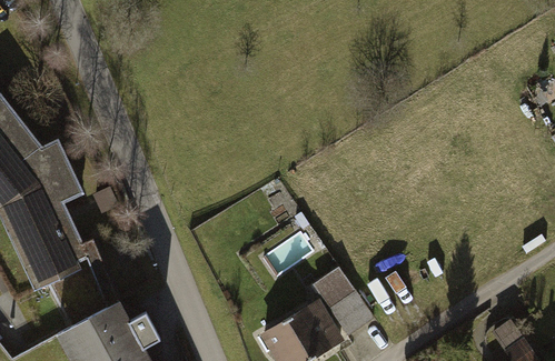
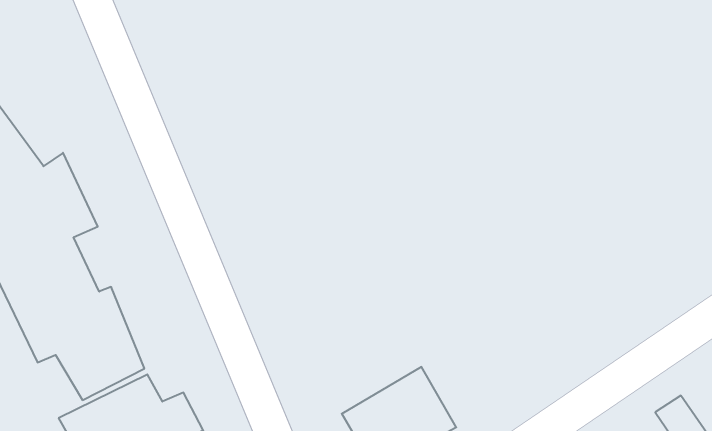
building: [314,269,375,338] -> none

